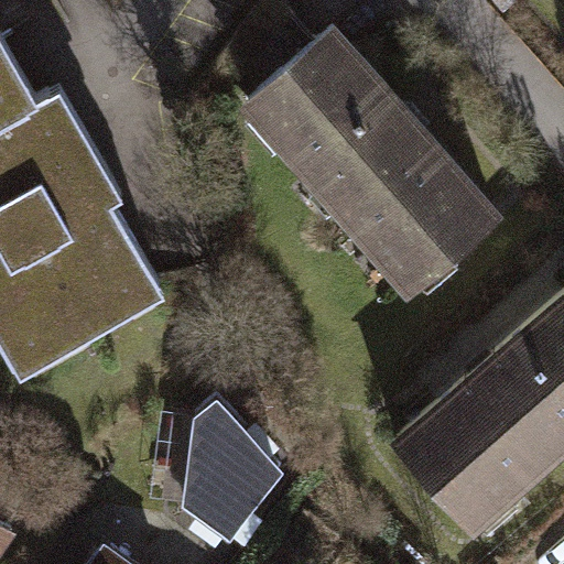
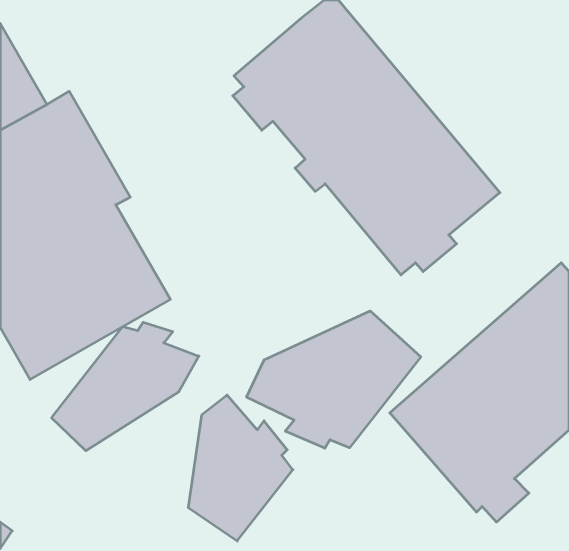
building: none -> [247,311,421,448]
building: none -> [52,322,199,451]

